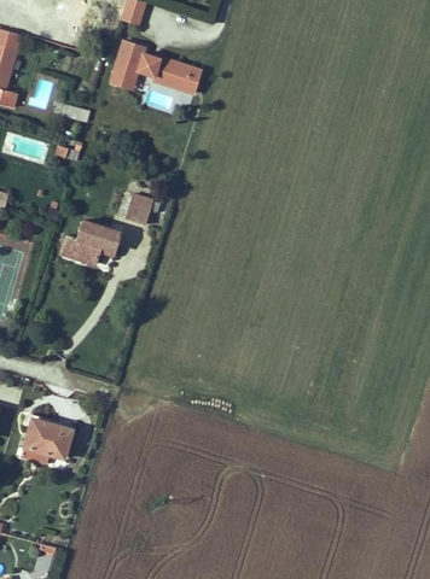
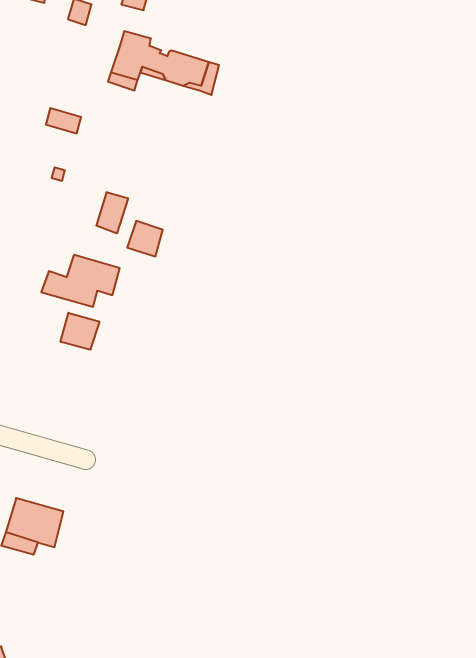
building: none -> [96,192,128,233]
building: none -> [61,313,99,350]

